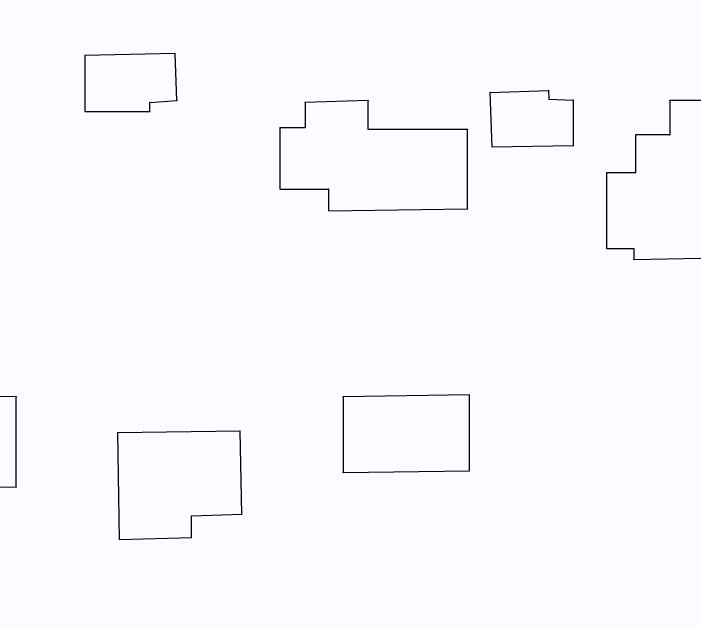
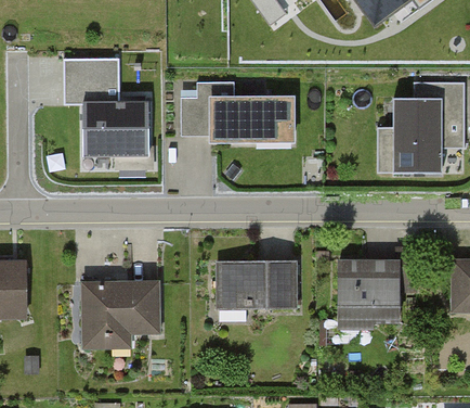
building: [490,90,573,147] -> none
building: none -> [81,97,149,165]
building: none -> [338,258,397,316]

